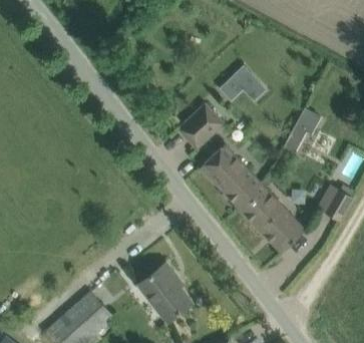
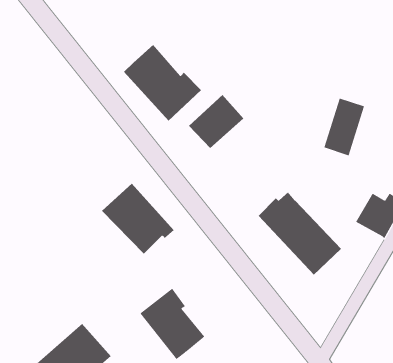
building: [221,62,271,101] -> none
building: none -> [123,44,202,121]
building: [200,144,260,204] -> [101,183,174,255]

